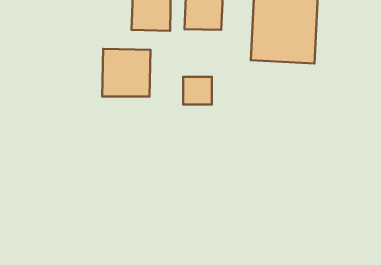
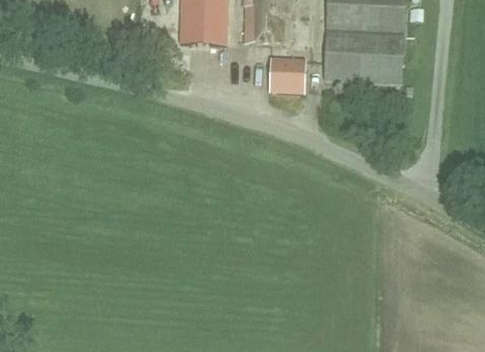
building: [102,49,150,97] -> none
building: [183,77,212,104] -> [270,57,304,90]

